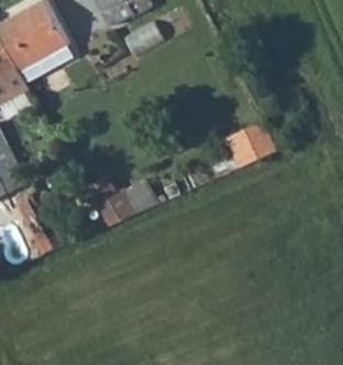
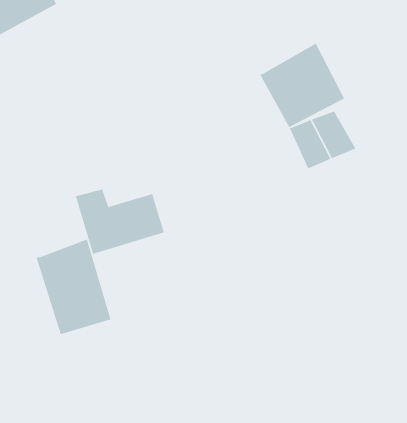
building: none -> [259,42,345,128]
building: none -> [36,238,112,335]

